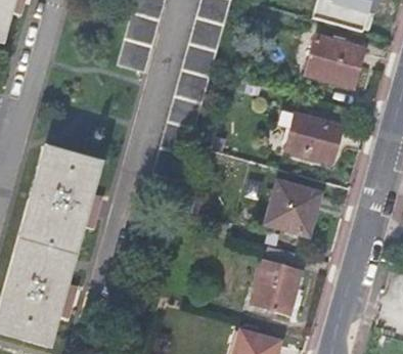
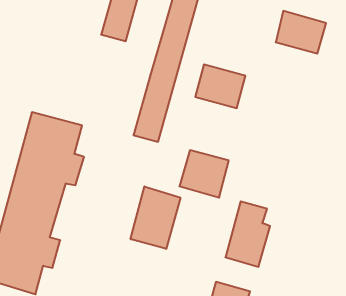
building: [285,115,340,162] -> [195,65,245,108]
building: [266,183,319,234] -> [179,150,229,198]
building: none -> [131,186,180,249]

